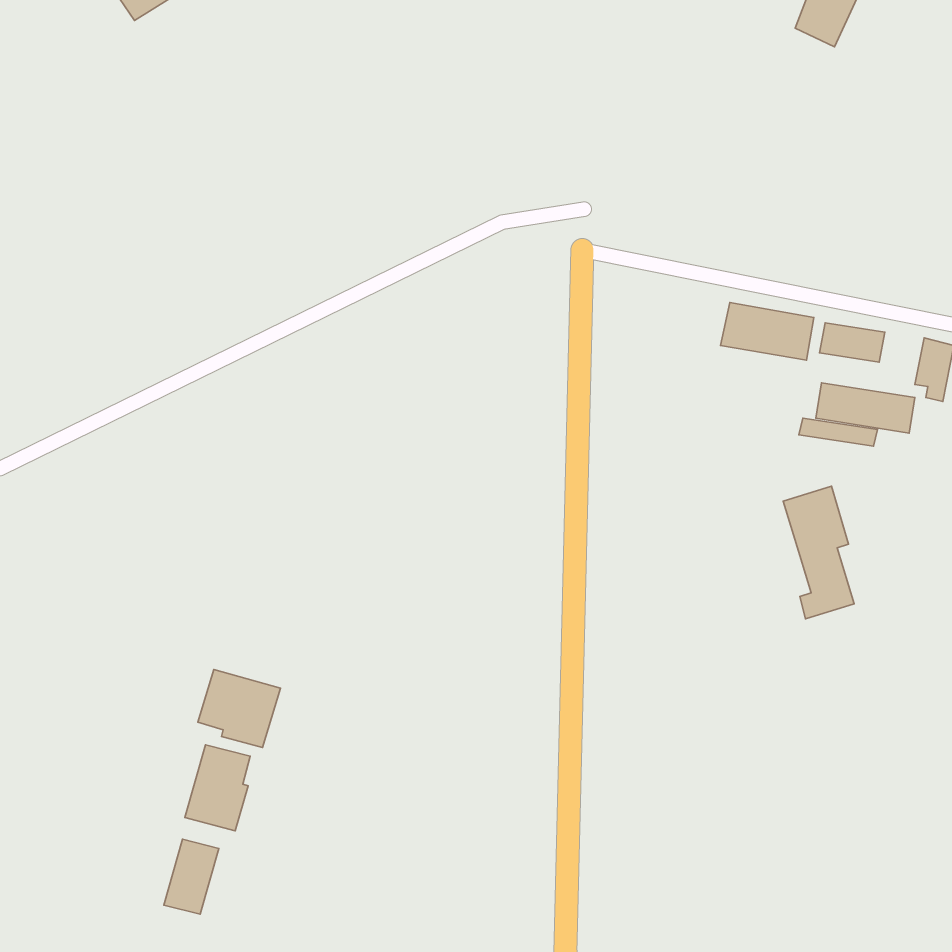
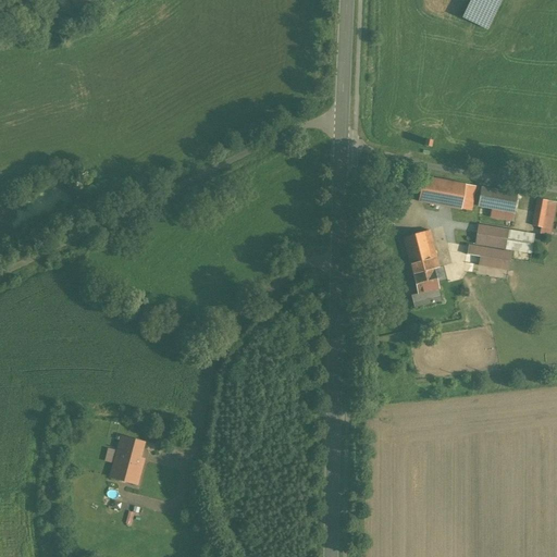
building: [783,486,854,619] -> [401,230,443,307]
building: [198,670,280,748] -> none
building: [164,839,219,914] -> none

